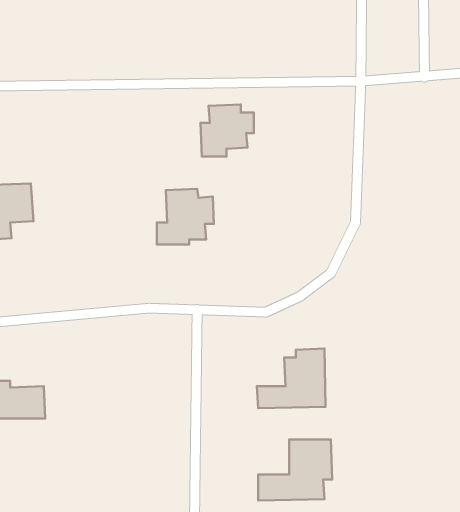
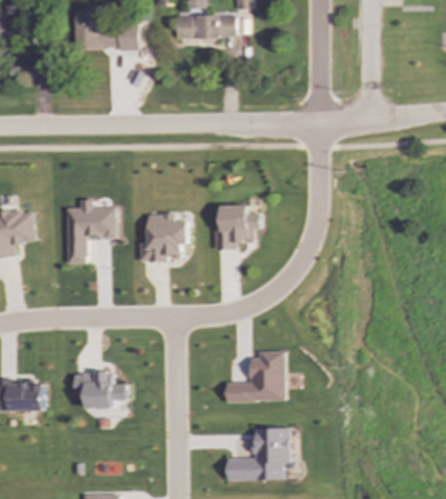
building: [201,105,254,156] -> [215,204,260,249]
building: none -> [67,199,116,263]
building: none -> [75,372,127,407]

